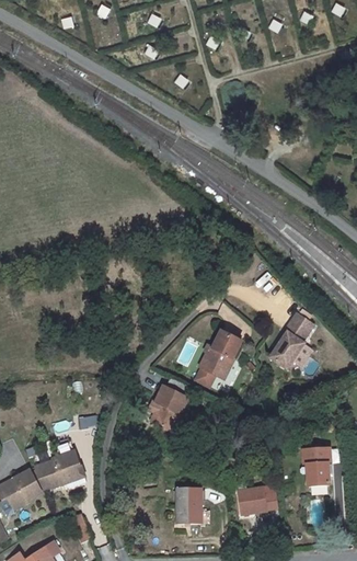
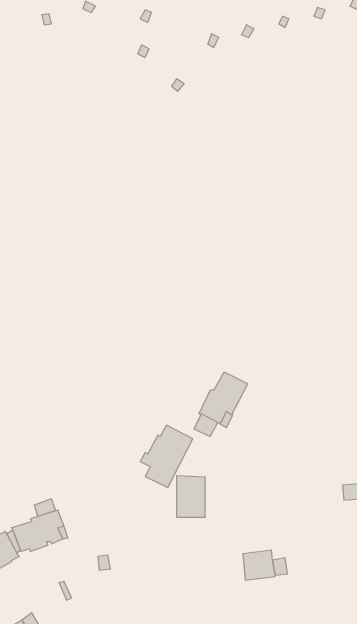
building: [270,312,314,368] -> none
building: [306,448,330,485] -> none
building: [176,486,201,523] -> [177,476,205,517]

